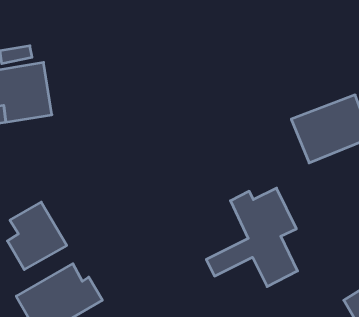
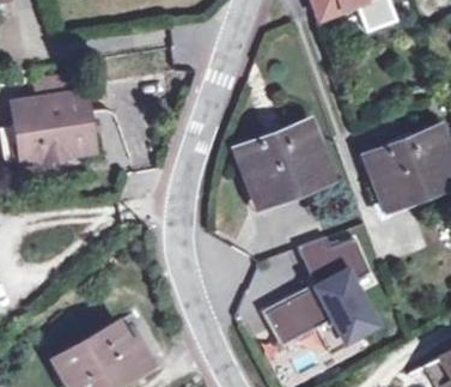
building: none -> [237,121,330,204]
building: [7,202,67,270] -> none

